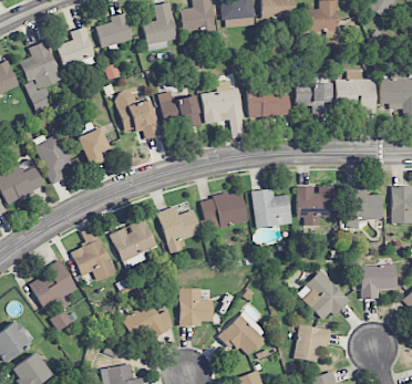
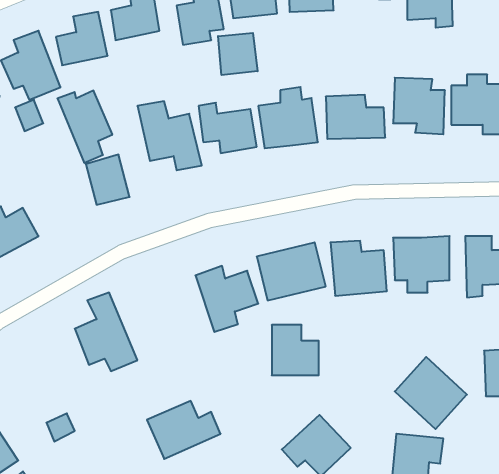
building: none -> [218,33,258,75]
building: [32,134,71,185] -> [57,91,112,163]
building: [110,218,156,269] -> none
building: [29,260,76,310] -> none
building: [179,289,213,324] -> [272,325,319,375]

